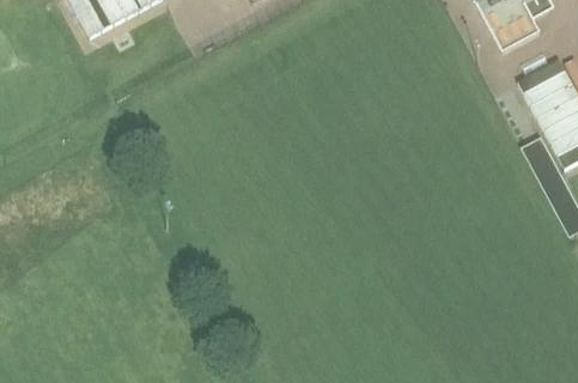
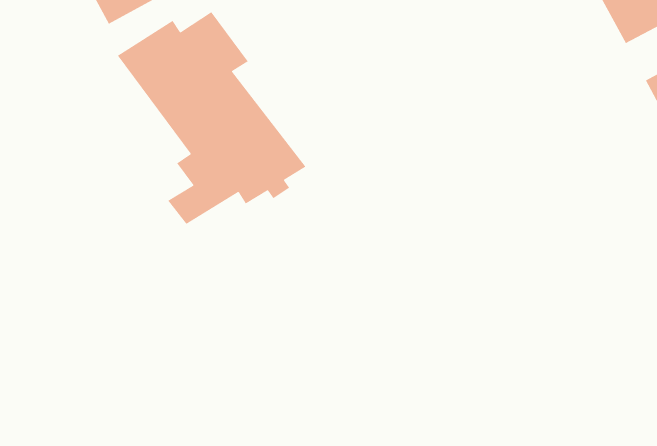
building: none -> [117,11,307,225]

